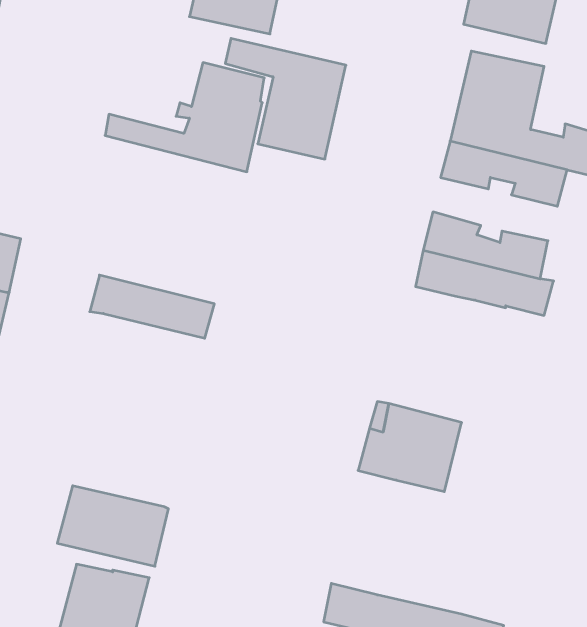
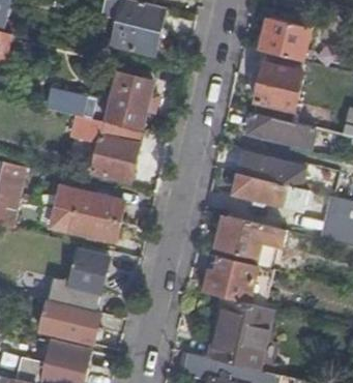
building: [225,38,346,159] -> [75,116,140,181]
building: none -> [59,207,119,241]
building: none -> [214,214,286,259]
building: none -> [42,252,108,312]
building: none -> [212,297,273,370]

